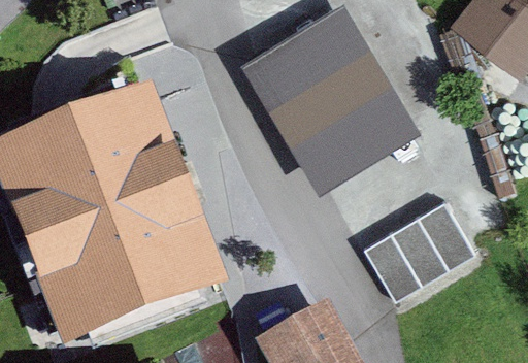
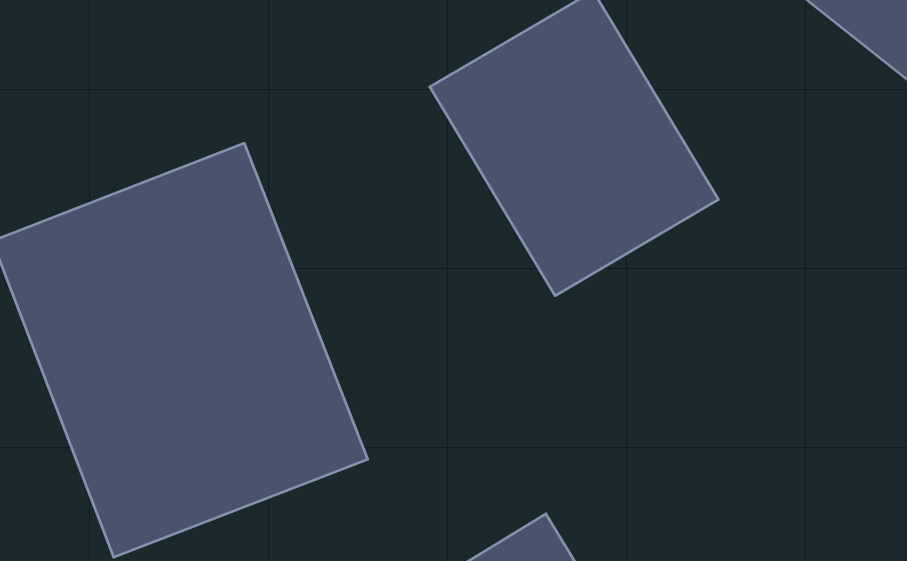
building: [364,200,475,300] -> none

